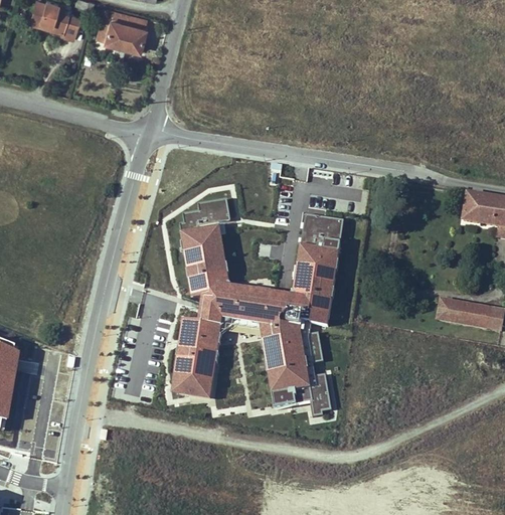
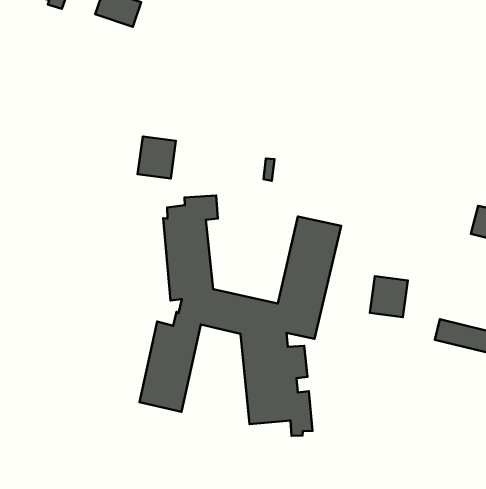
building: none -> [138,136,176,179]
building: none -> [370,276,408,317]

